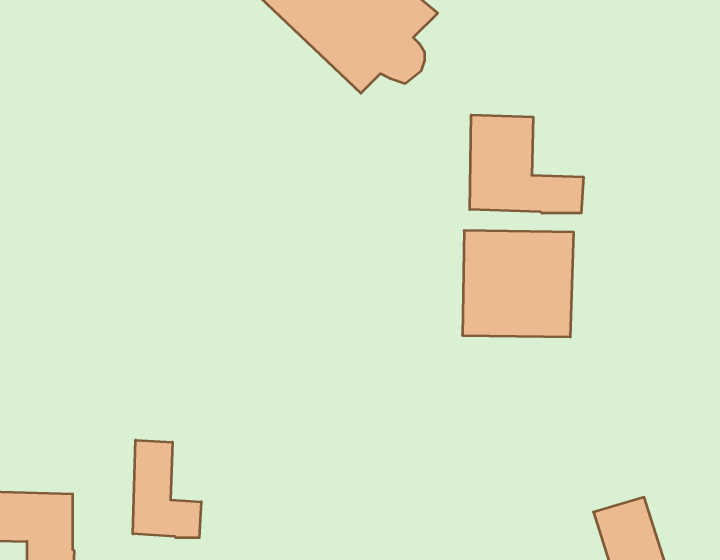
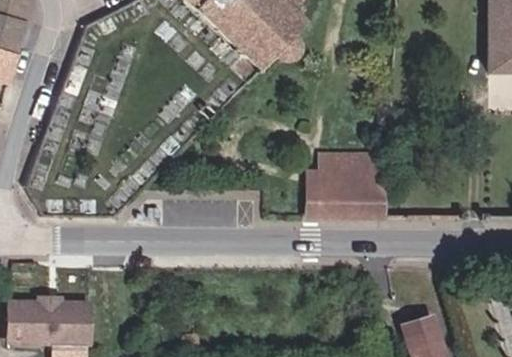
building: [470,115,583,213] -> none
building: [133,440,201,538] -> none

